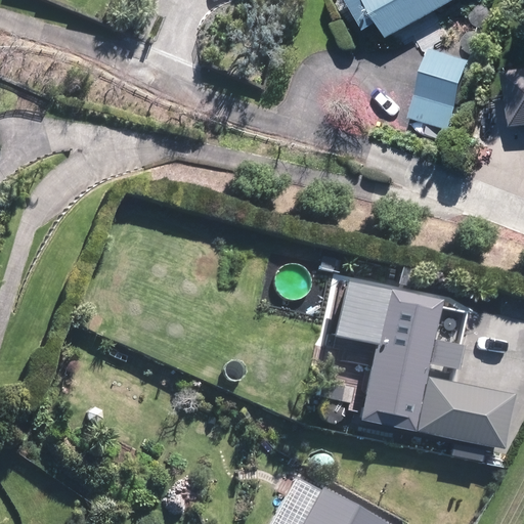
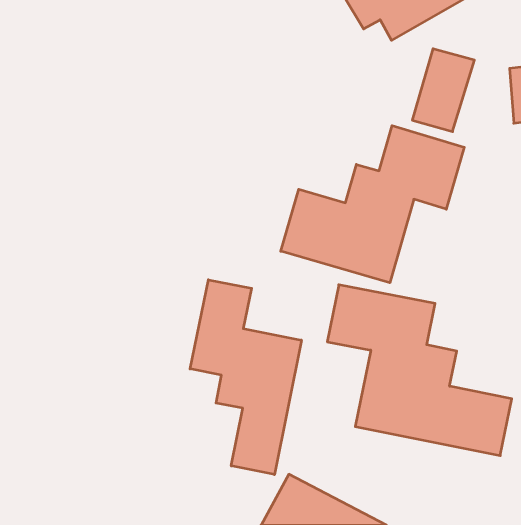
building: none -> [281,126,464,283]
building: none -> [190,280,301,475]

